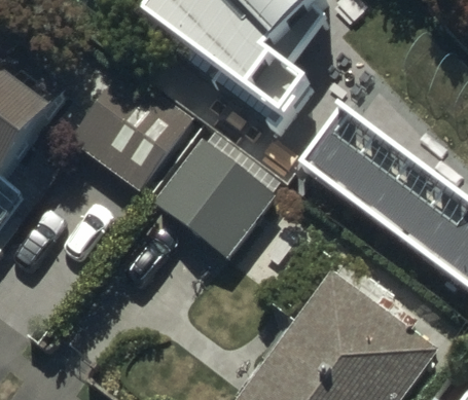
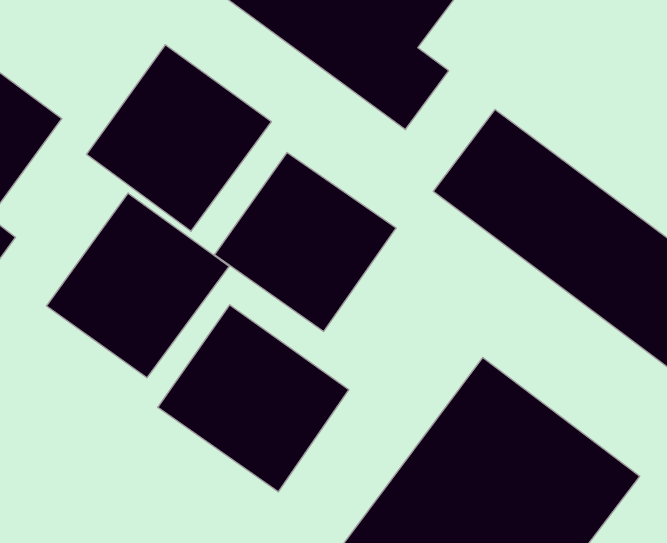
building: none -> [47,193,229,378]
building: none -> [158,305,349,492]

